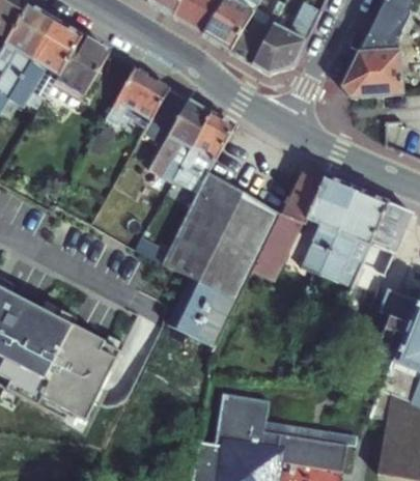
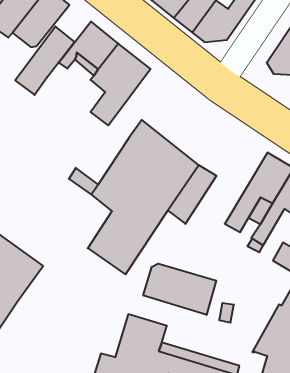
building: [174,111,235,192] -> [15,26,75,95]
building: [281,165,357,275] -> none
building: none -> [143,264,216,315]

